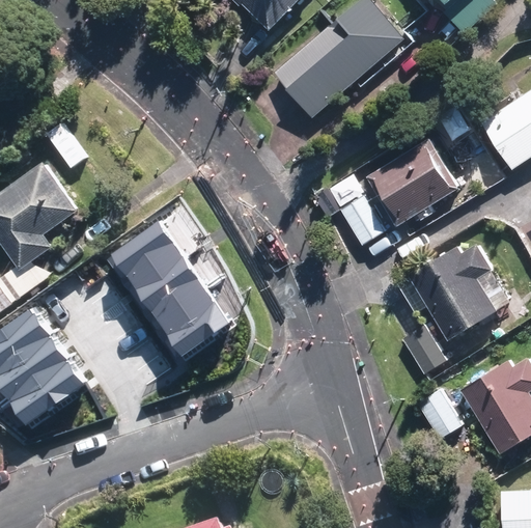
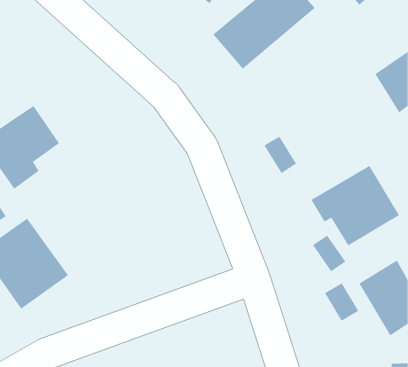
building: [364,137,458,225] -> none
building: [109,223,235,363] -> none

